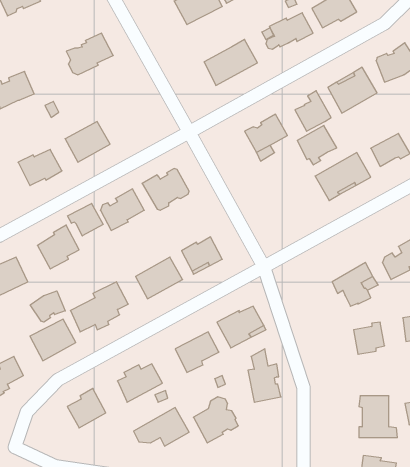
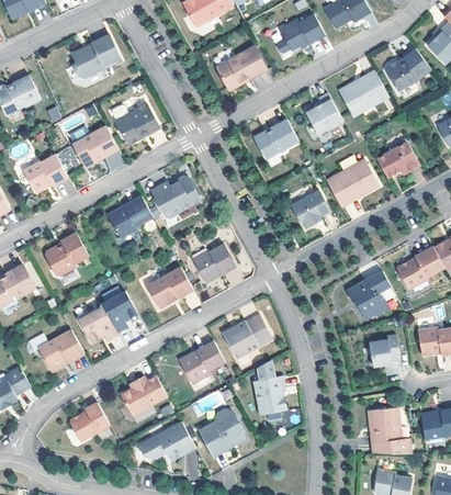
building: none -> [116,103,160,144]
building: [297,125,337,165] -> [291,187,331,227]
building: [68,203,103,236] -> none
building: [30,291,65,322] -> none

